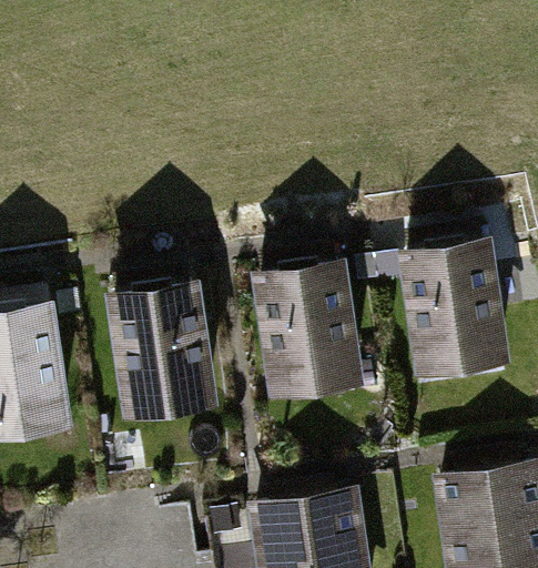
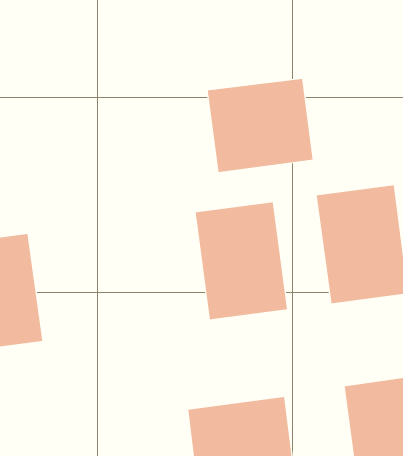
building: none -> [207,78,313,173]
building: [108,282,217,422] -> none

